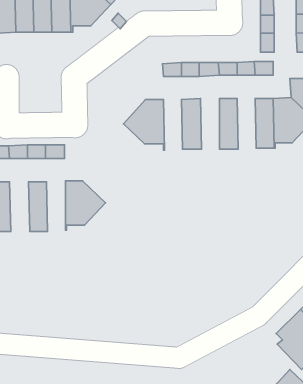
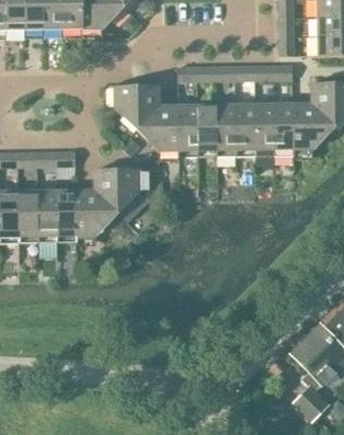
building: none -> [113,84,159,129]
building: none -> [216,103,236,156]
building: none -> [254,103,274,156]
building: none -> [177,104,197,157]
building: none -> [93,169,139,211]
building: none -> [56,188,76,241]
building: none -> [18,190,38,241]

